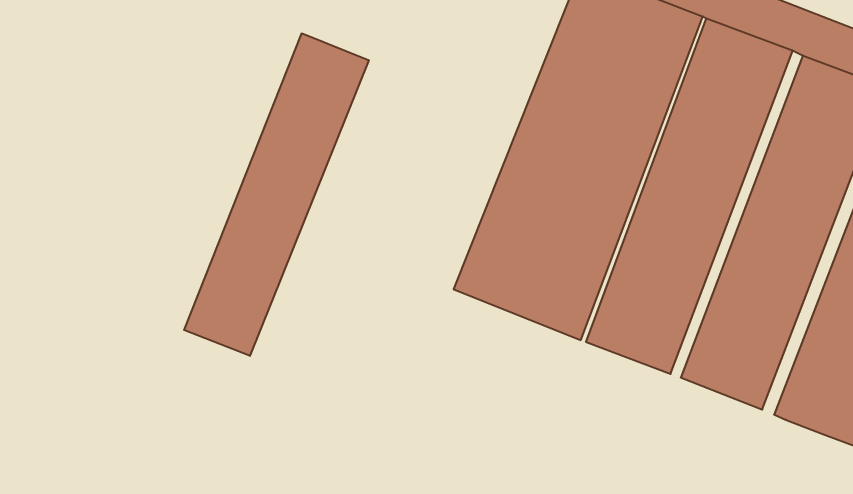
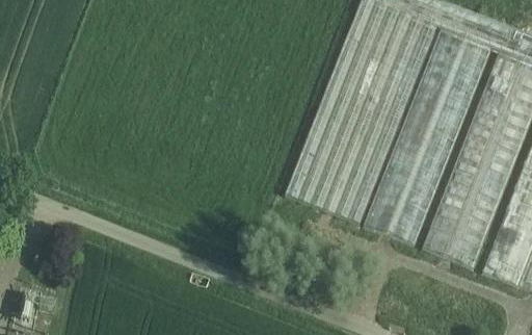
building: [184,33,369,356] -> none

